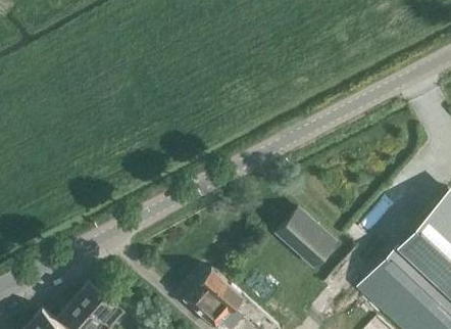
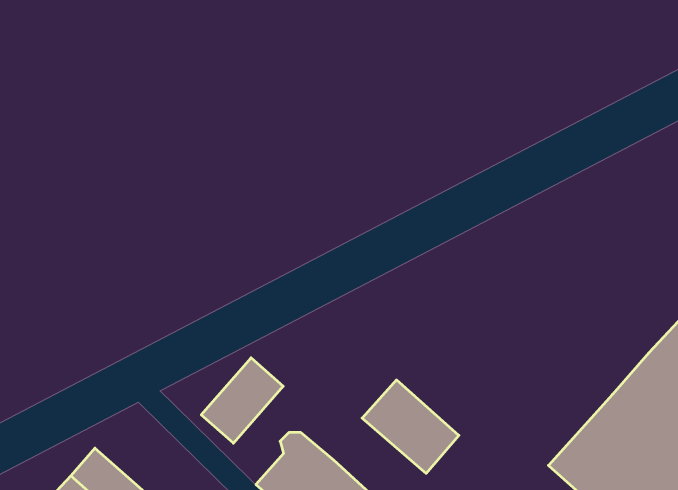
building: [279,210,336,266] -> [362,380,459,473]
building: none -> [201,358,283,443]

